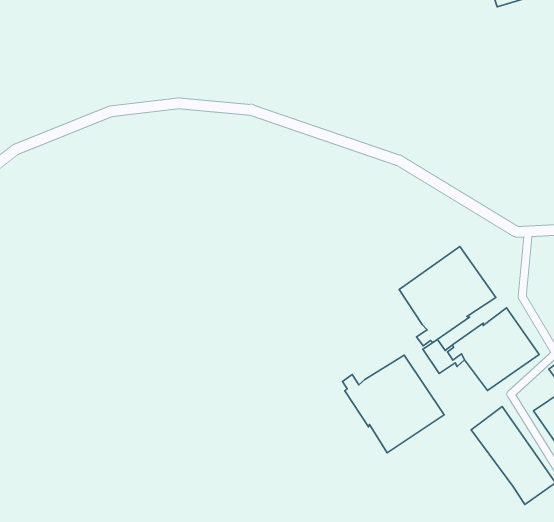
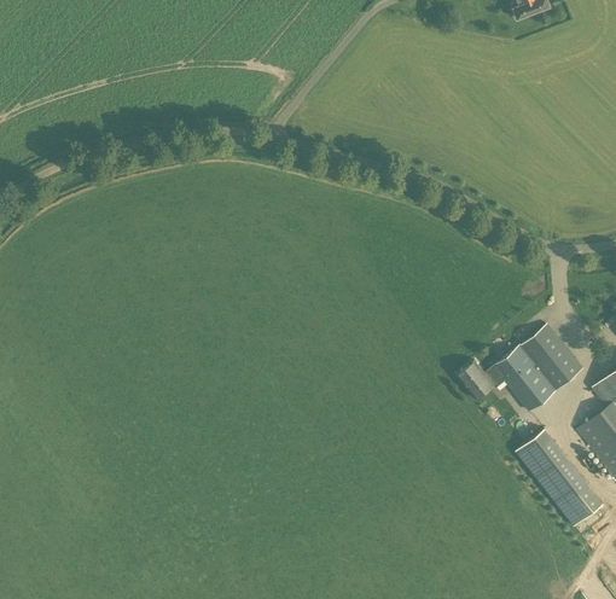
building: [399,246,496,346] -> none
building: [342,355,444,453] -> none

